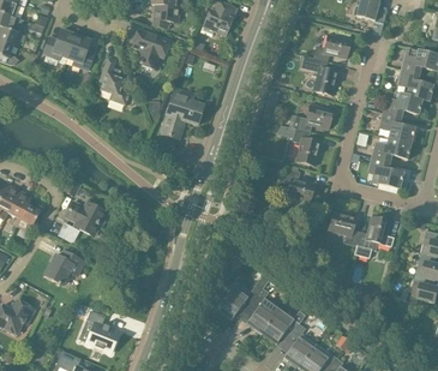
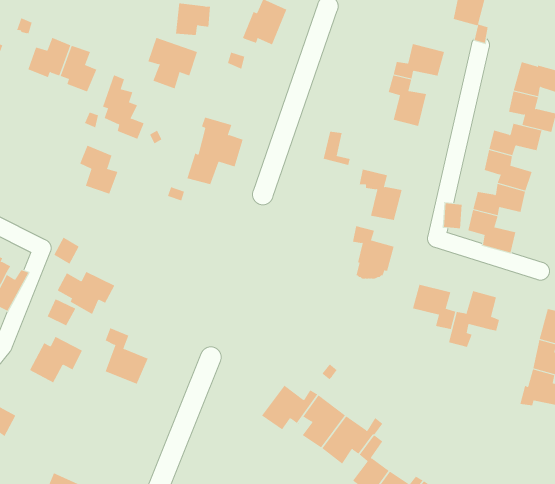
building: [290,104,334,131] -> none
building: none -> [80,145,118,195]
building: [86,310,119,352] -> [105,328,149,384]

